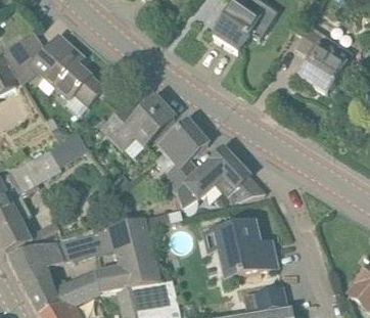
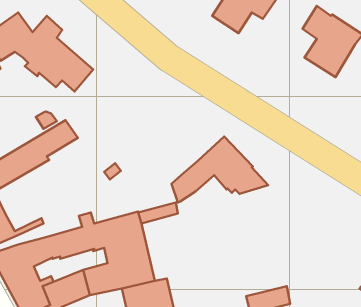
building: [100,95,176,156] -> none
building: [158,118,210,191] -> none
building: [212,220,278,278] -> none

